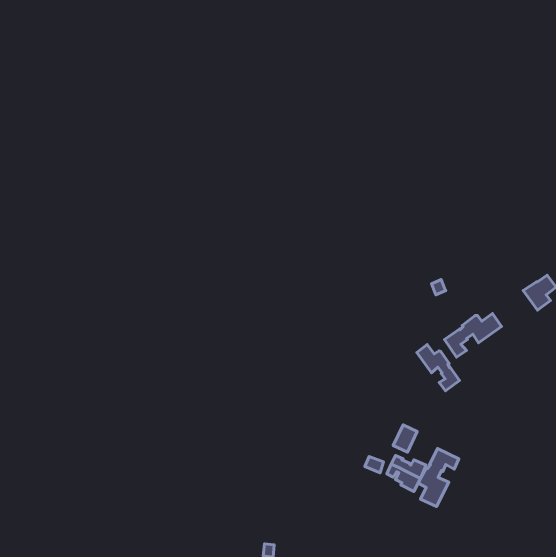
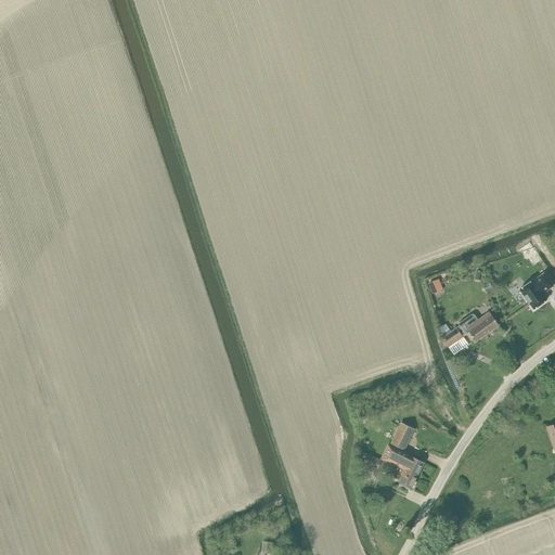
building: [417,344,460,391] -> none
building: [419,449,459,507] -> none

